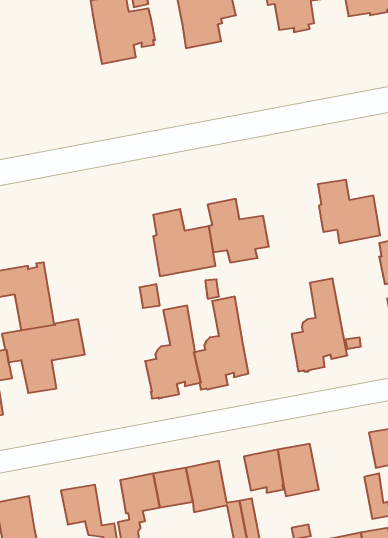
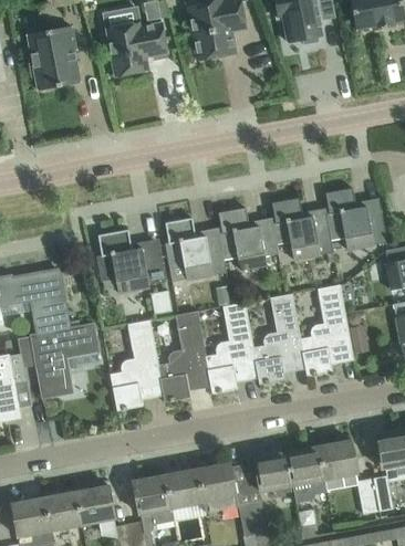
building: none -> [28,25,80,90]
building: none -> [272,198,333,259]
building: none -> [96,229,166,293]
building: none -> [252,293,305,384]
building: none -> [110,319,164,410]
building: none -> [318,440,376,522]
building: none -> [44,491,82,529]

